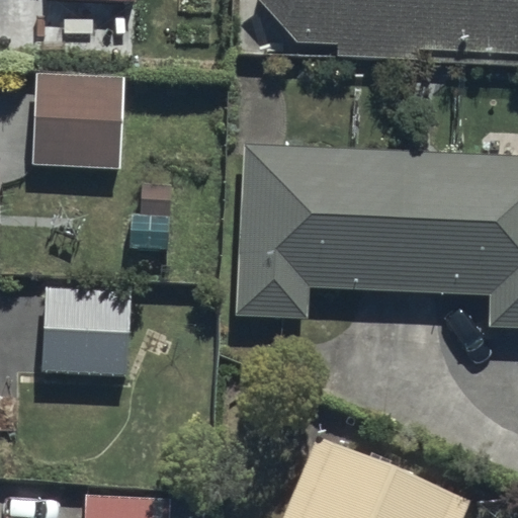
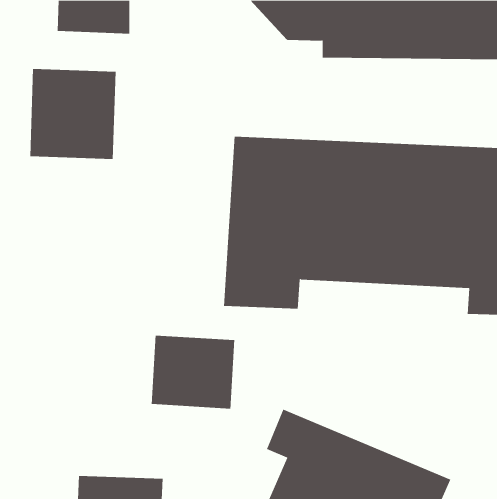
building: [41,285,133,375] -> none
building: none -> [151,335,235,409]

